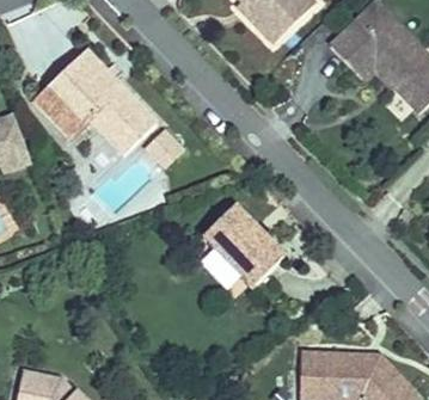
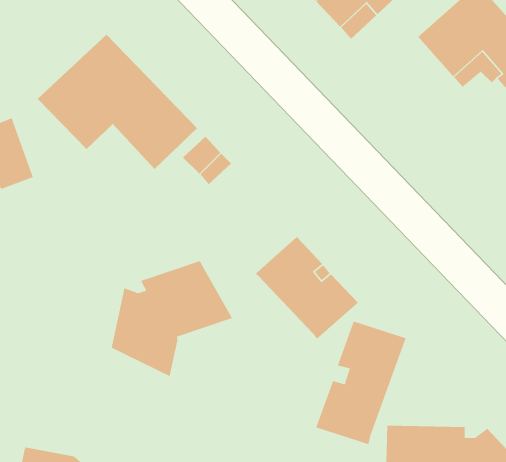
building: none -> [111,260,233,377]
building: none -> [315,321,407,445]

